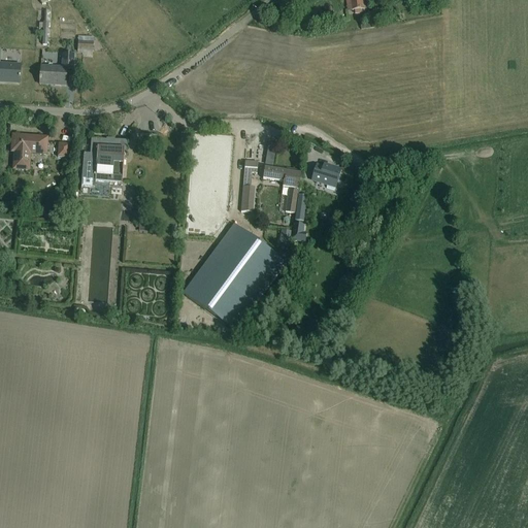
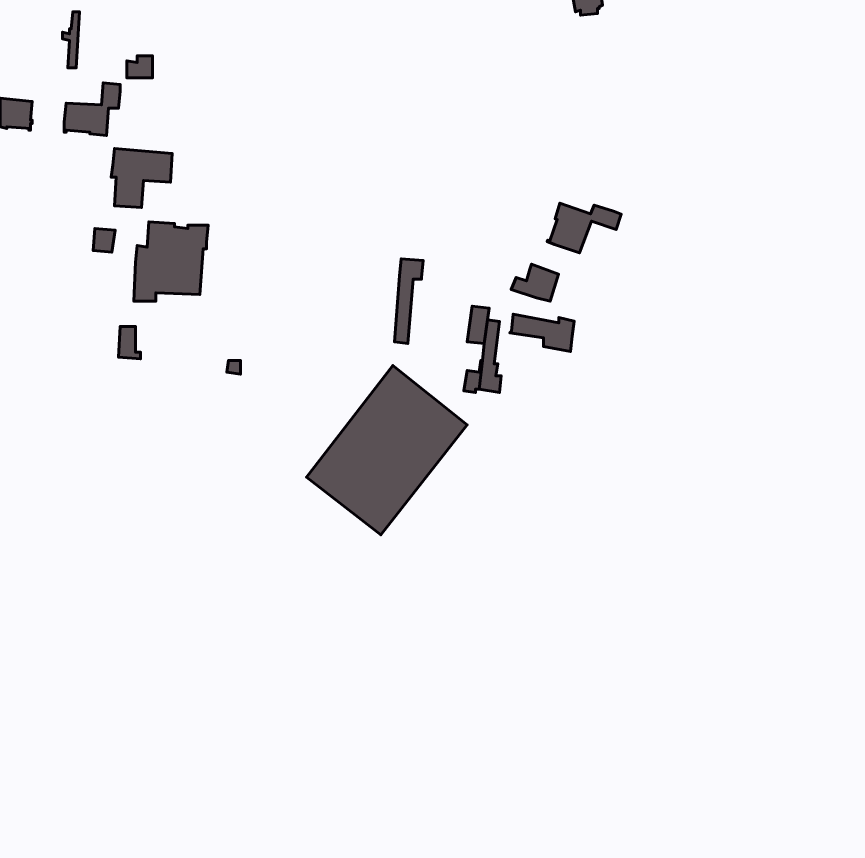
building: none -> [547,203,621,253]
building: [10,131,47,167] -> [111,148,172,208]
building: [262,164,301,187] -> [510,314,574,352]

